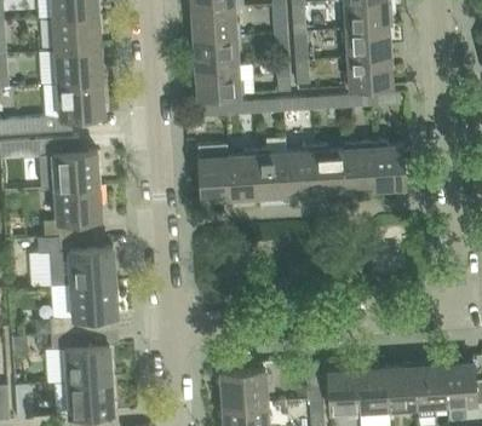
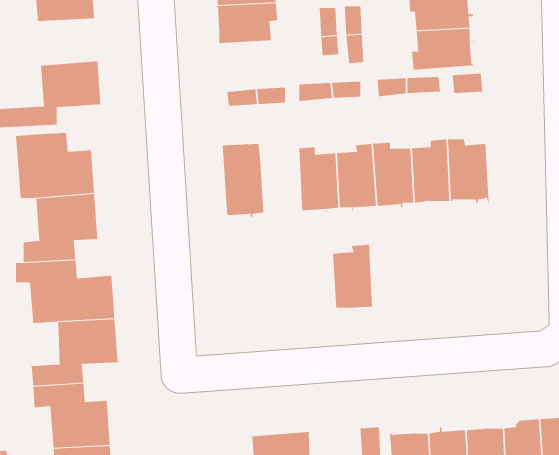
building: [56,50,103,86] -> none
building: [194,67,245,99] -> none
building: [229,150,260,202] -> [332,244,373,311]

